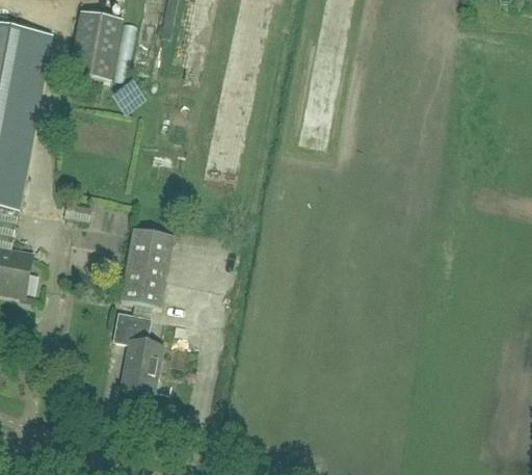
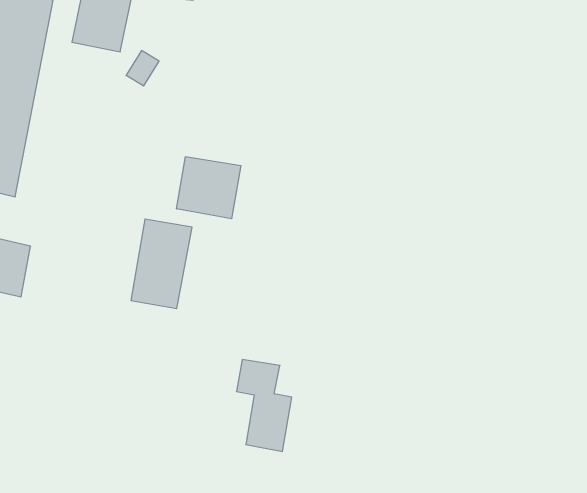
building: none -> [177,157,241,219]
building: [113,312,162,393] -> [236,360,292,452]

